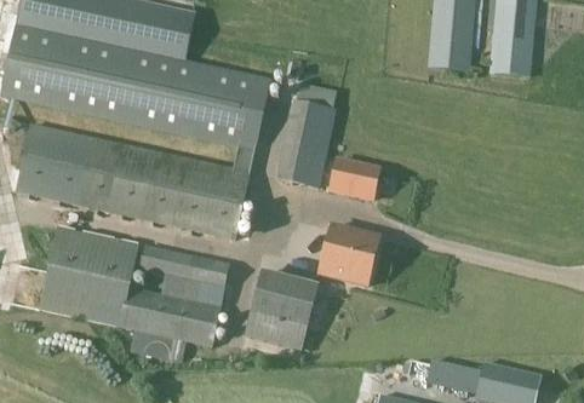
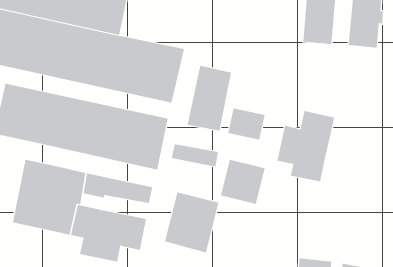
building: none -> [277,110,335,182]
building: [160,272,224,304] -> [171,144,219,167]

